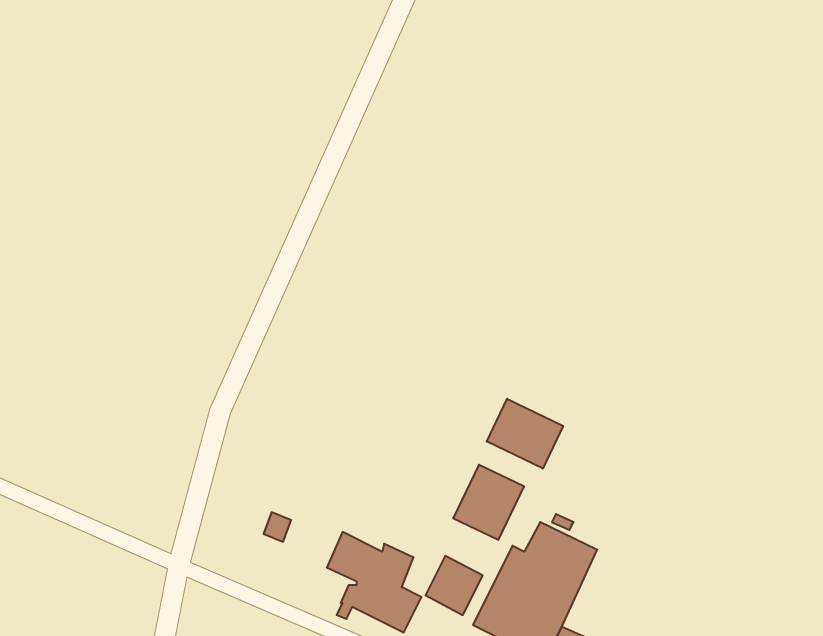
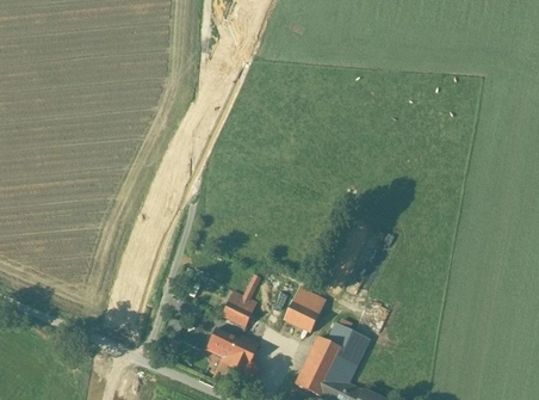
building: [487,399,563,469] -> none
building: [425,556,483,615] -> [222,290,256,326]

